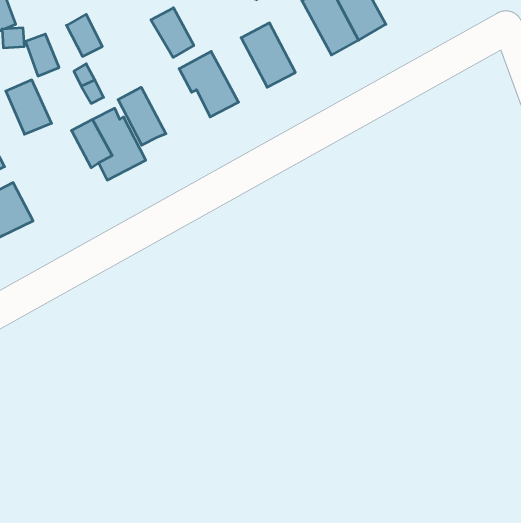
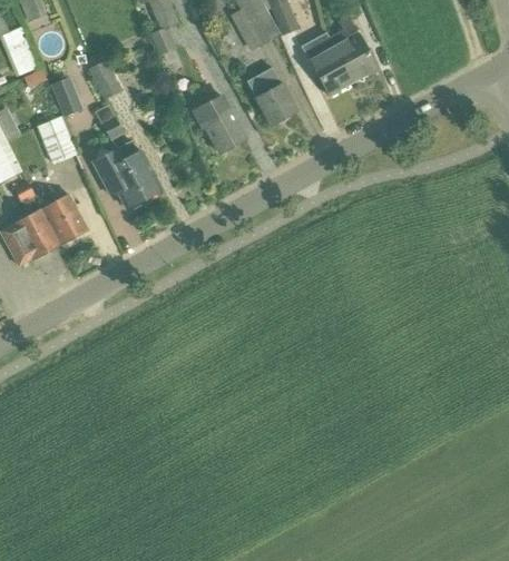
building: [151,8,194,57] -> none
building: [118,87,166,145] -> none
building: none -> [41,195,87,244]

